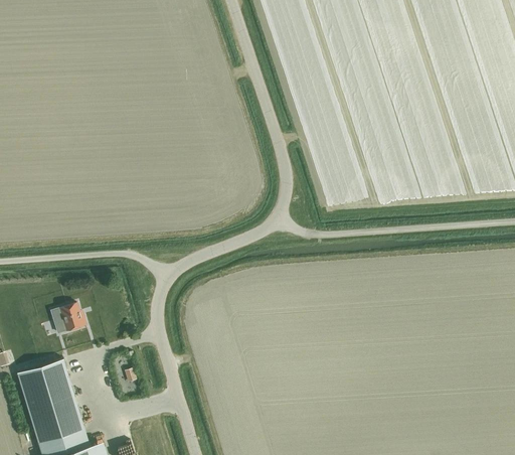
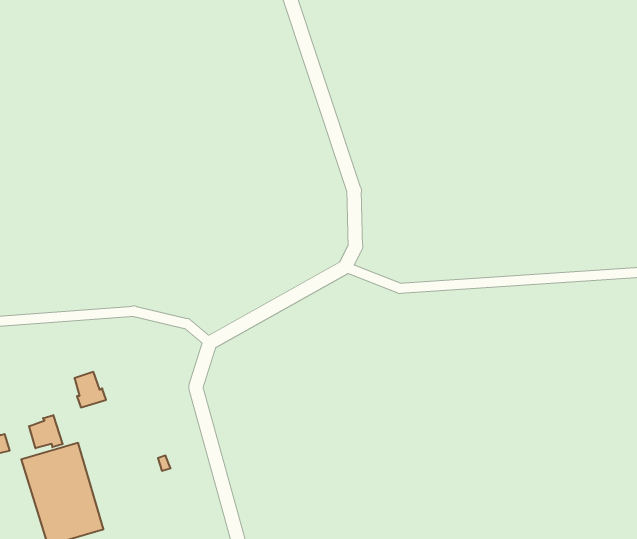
building: none -> [29,415,63,448]

